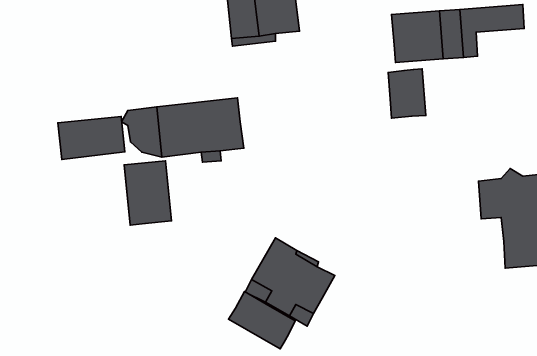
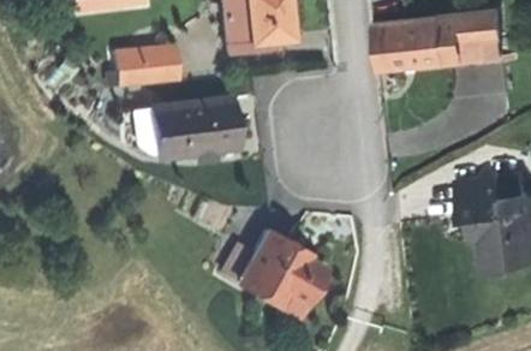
building: [388,69,426,118] -> none
building: [58,117,125,160] -> [115,48,179,89]
building: [124,161,171,225] -> none
building: [229,292,295,349] -> none

